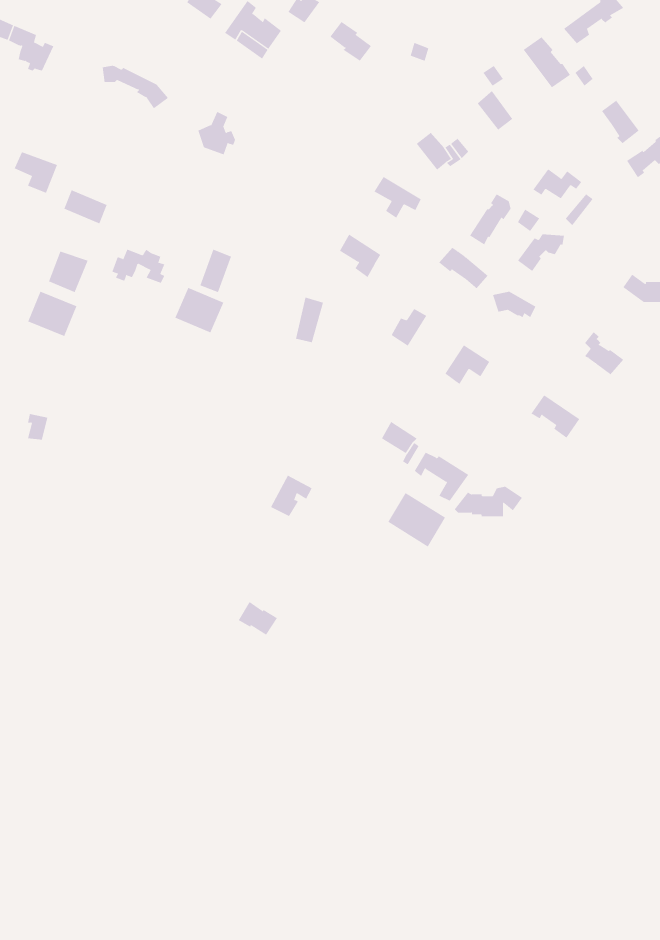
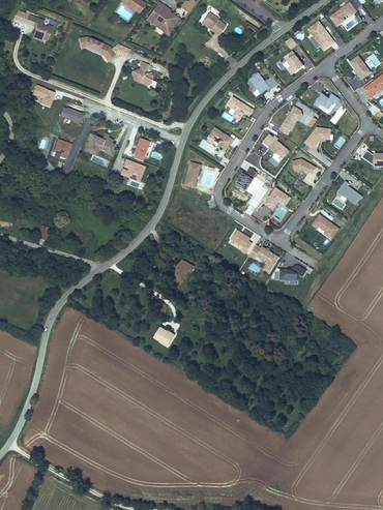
building: [27,291,77,337] -> none
building: [387,492,446,547] -> none

